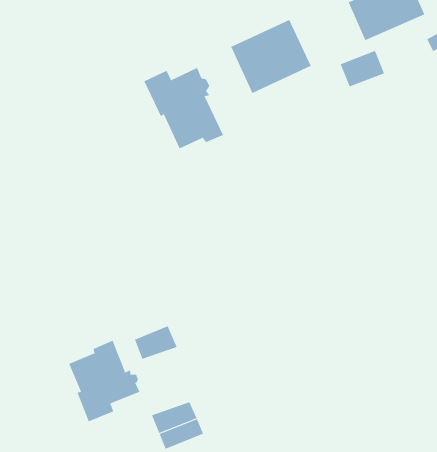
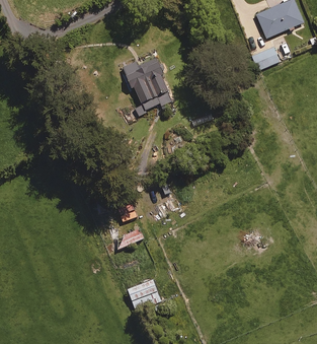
building: [230,19,311,94] -> none
building: [68,340,140,422] -> none

